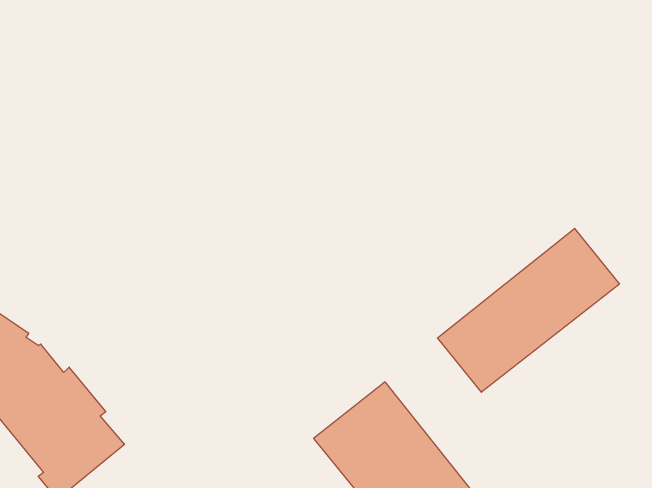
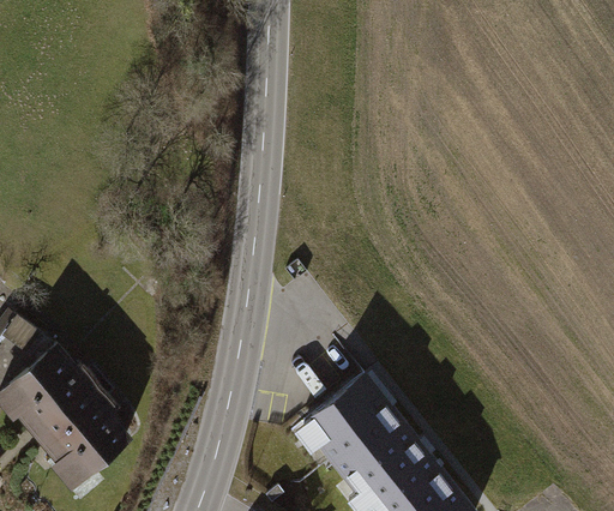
building: [438,228,619,392] -> none

